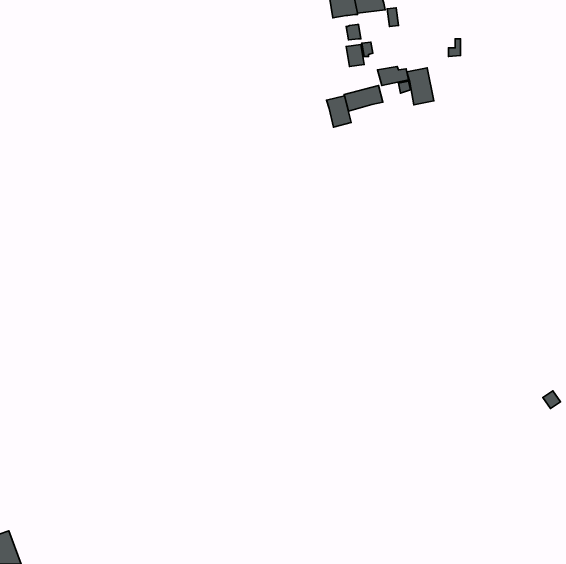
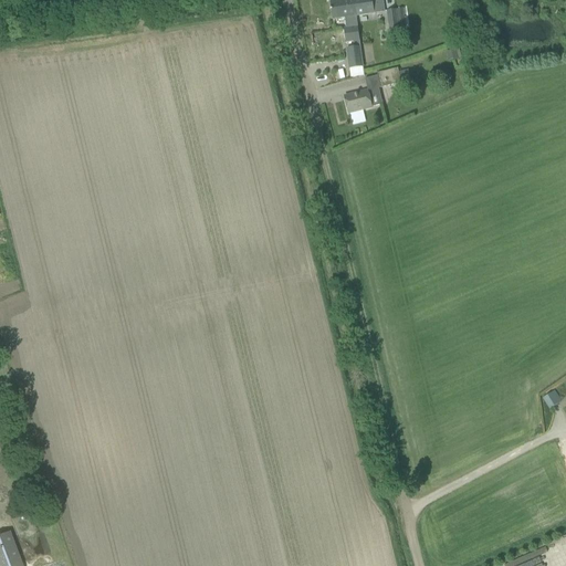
building: [407,68,434,105] -> none
building: [326,96,351,127] -> none

